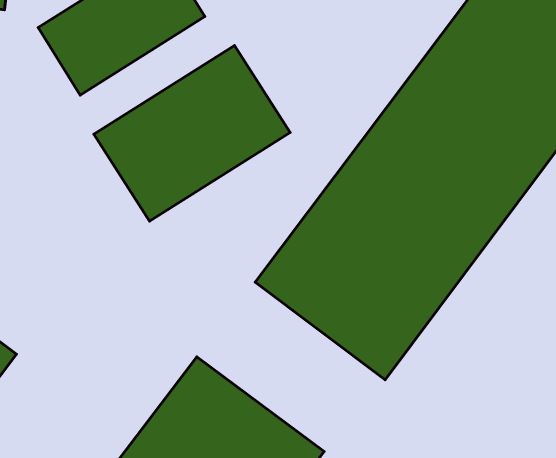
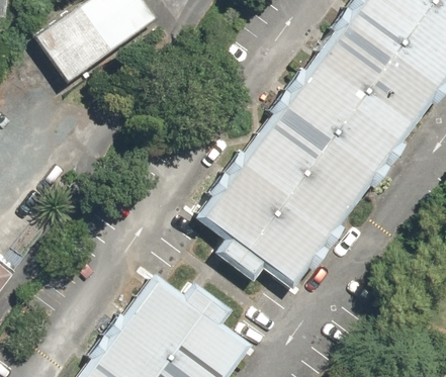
building: [94,46,290,221] -> none

